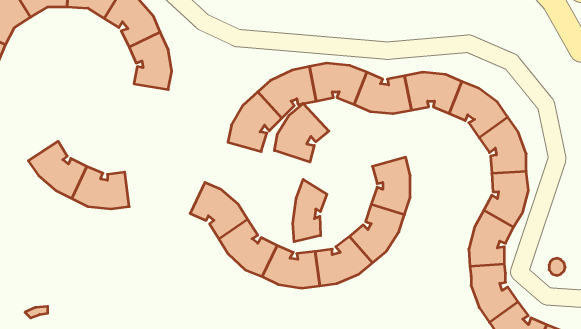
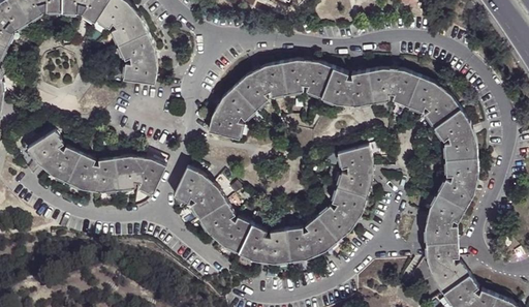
building: [274,103,329,162] -> none
building: none -> [115,157,166,195]
building: [293,179,327,242] -> none

